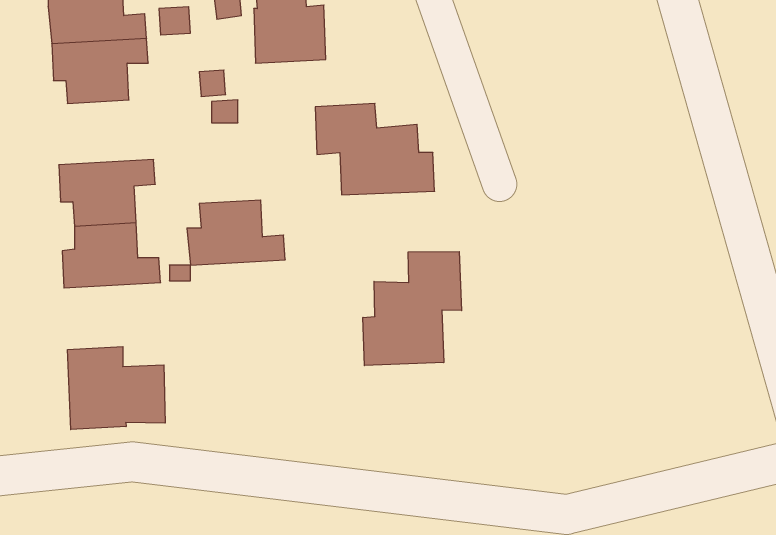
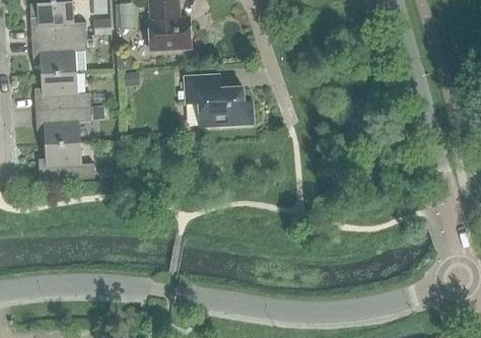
building: [187,200,285,265] -> [33,72,90,110]
building: [363,252,462,366] -> none
building: [68,347,165,430] -> none

